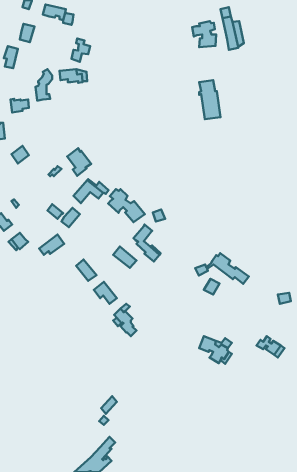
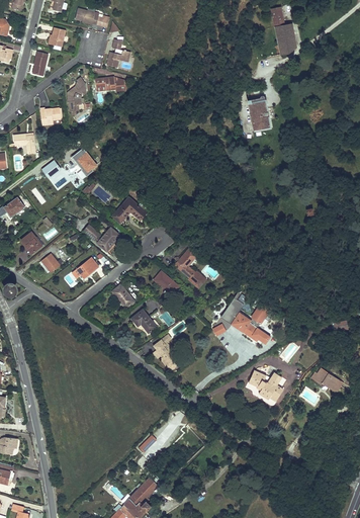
building: [192,21,216,47] -> none
building: [67,148,91,176] -> [72,149,98,179]
building: [108,189,145,222] -> none
building: [195,253,249,284] -> [211,310,270,343]

